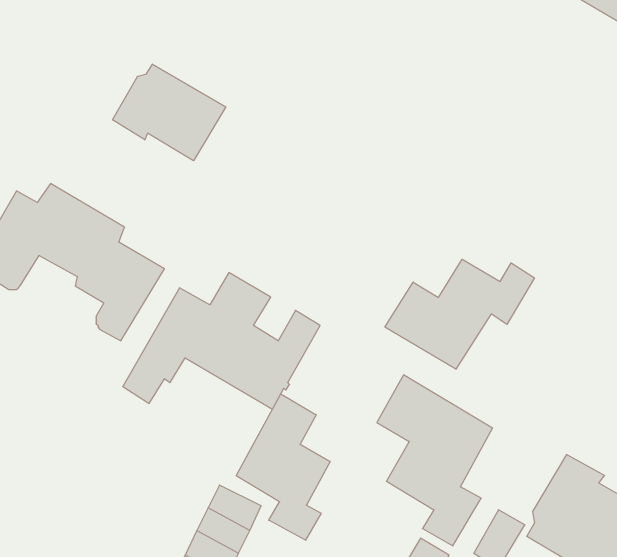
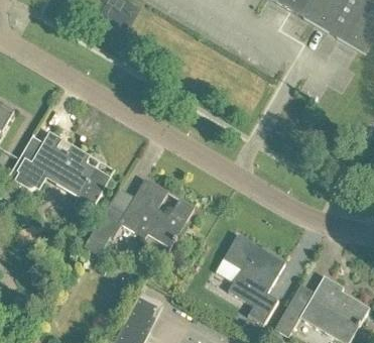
building: [113,64,226,161] -> none
building: [385,259,534,369] -> none
building: [236,394,330,540] -> none

